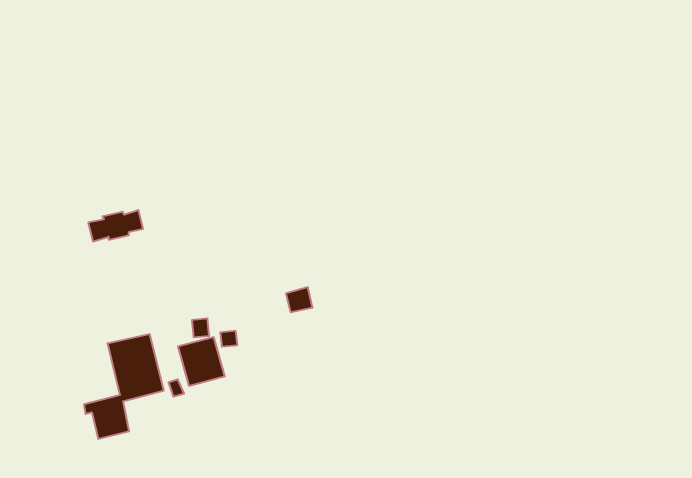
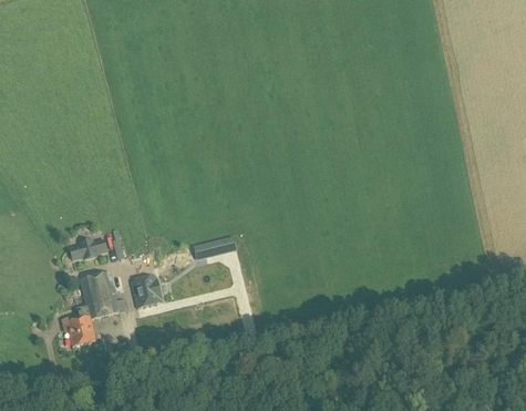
building: [88,210,143,241] -> [68,237,106,259]

